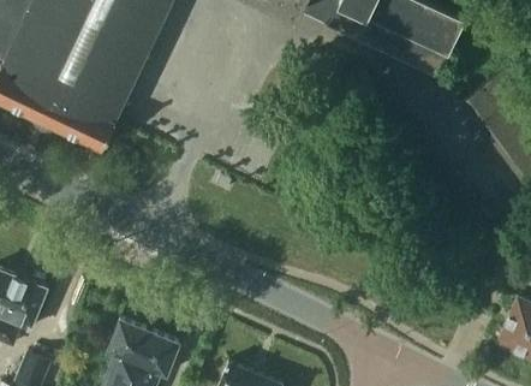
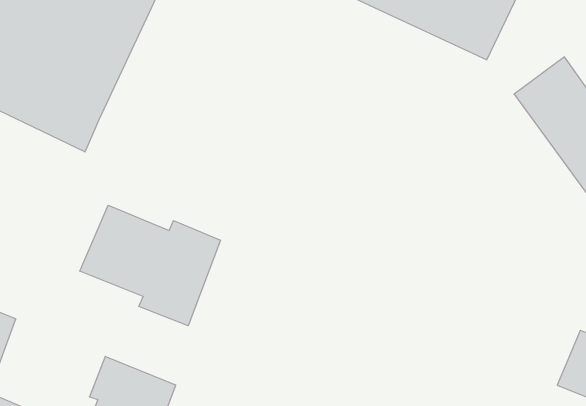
building: none -> [80,205,220,326]

